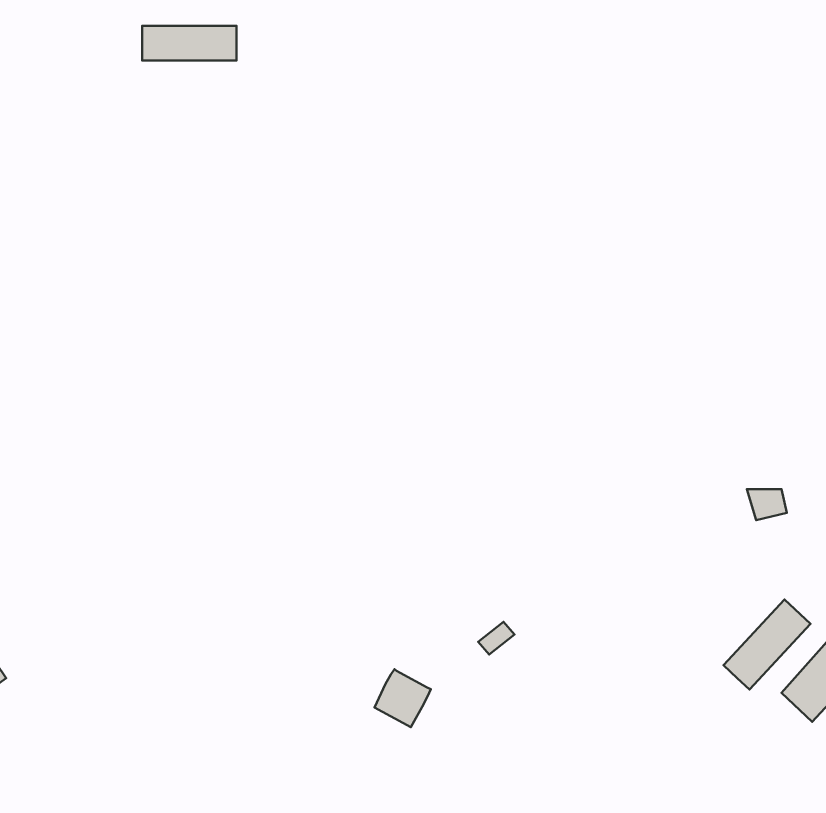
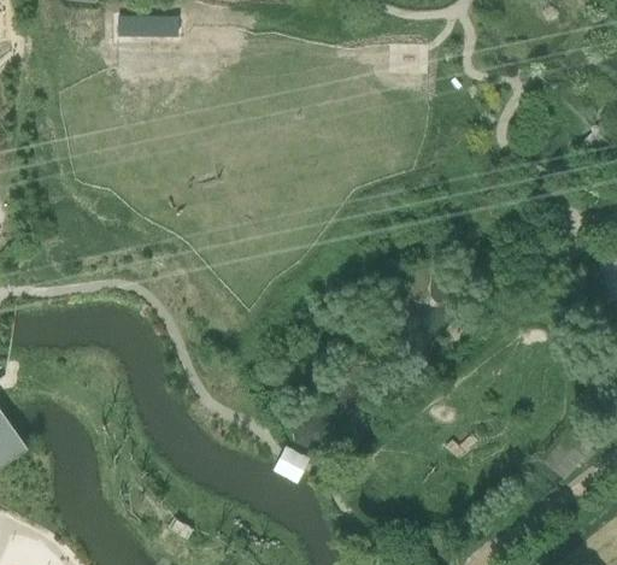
building: [723,600,811,690] -> none

